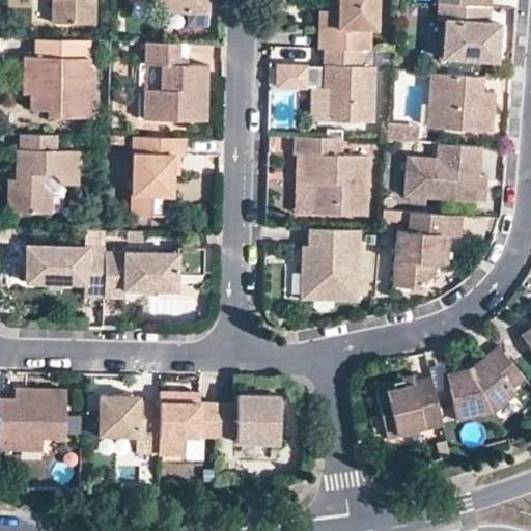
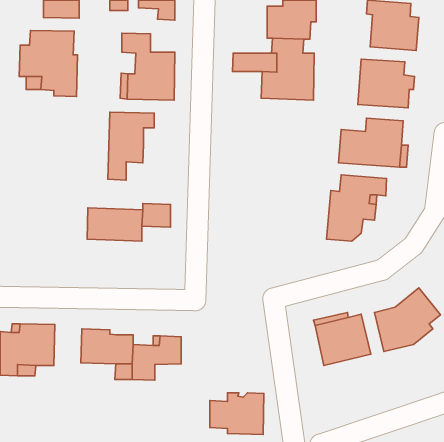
building: [9,134,81,215] -> none
building: [295,137,369,216] -> none
building: [302,229,362,303] -> none
building: [25,245,106,297] -> none
building: [217,395,281,445] -> [210,393,264,434]

